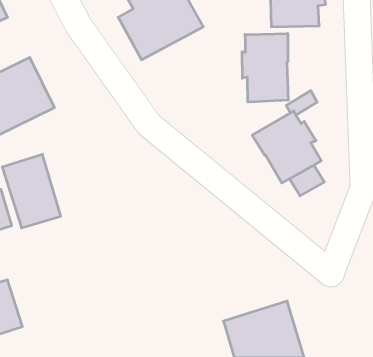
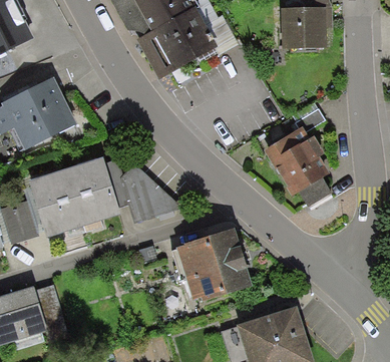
building: [242,33,288,102] -> none
building: none -> [66,156,120,226]
building: none -> [120,168,183,223]
building: none -> [176,229,253,302]

